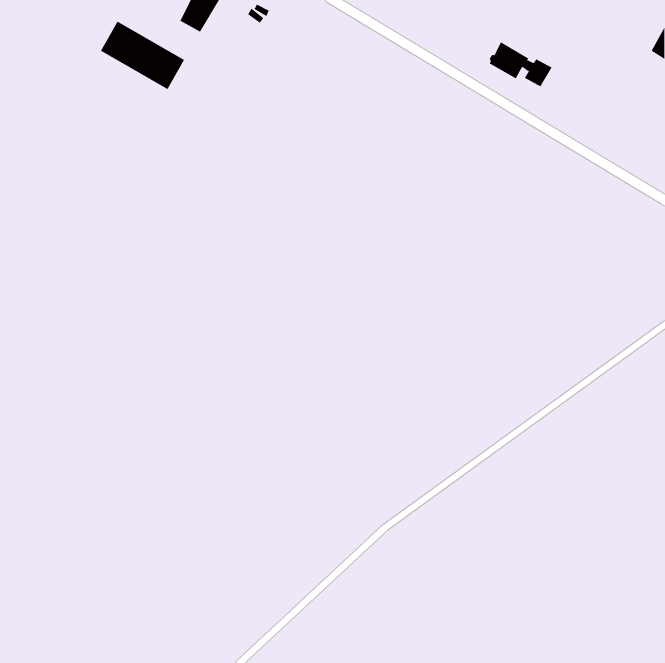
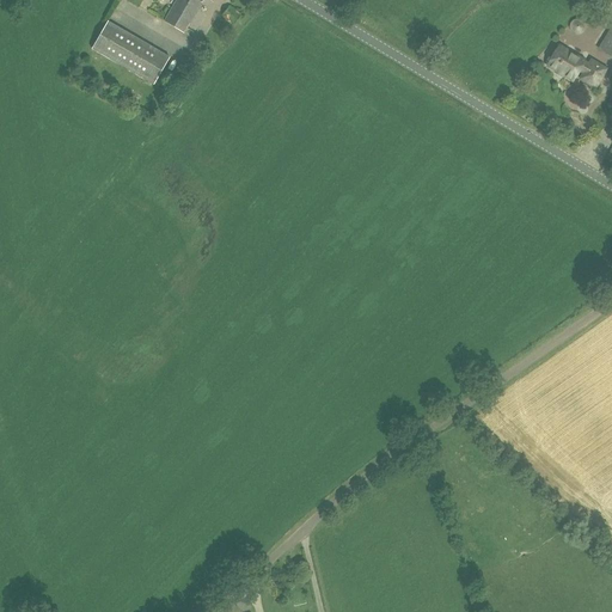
building: [489,41,553,87] -> [547,43,606,85]

